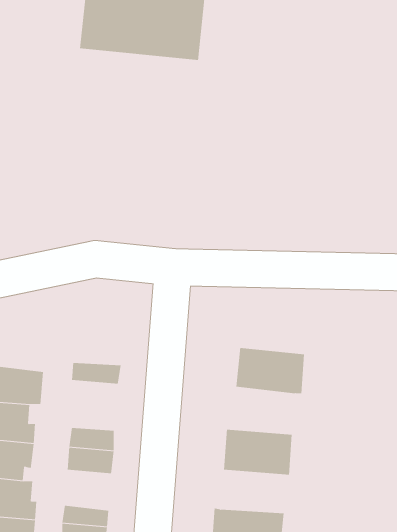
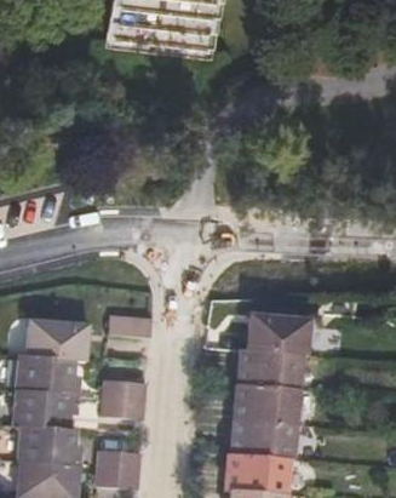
building: none -> [240,345,304,388]
building: none -> [237,419,299,458]

